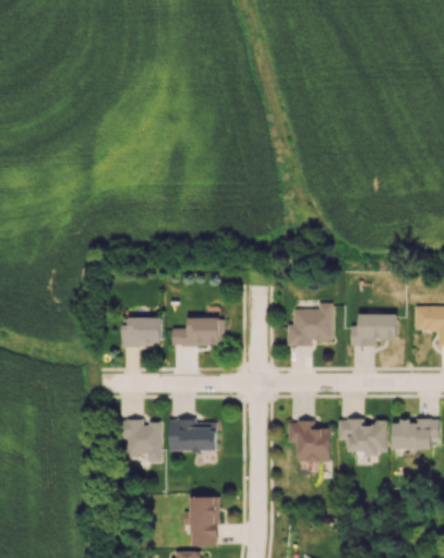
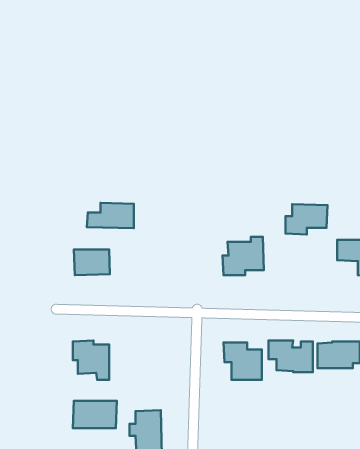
building: [350,313,397,347] -> [285,204,328,235]
building: [171,317,224,345] -> [87,203,134,228]
building: [168,421,217,451] -> [73,401,117,428]

